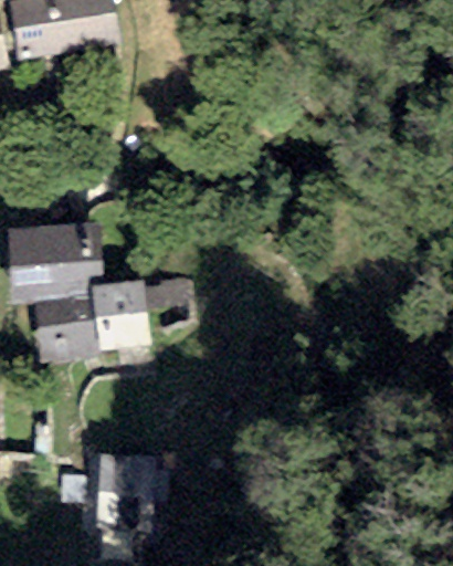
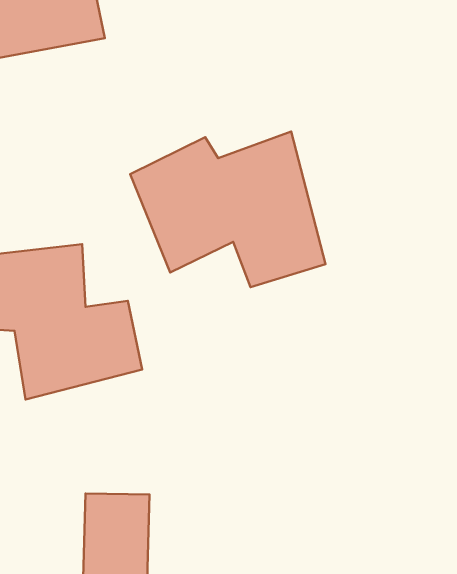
building: none -> [130,131,325,287]

